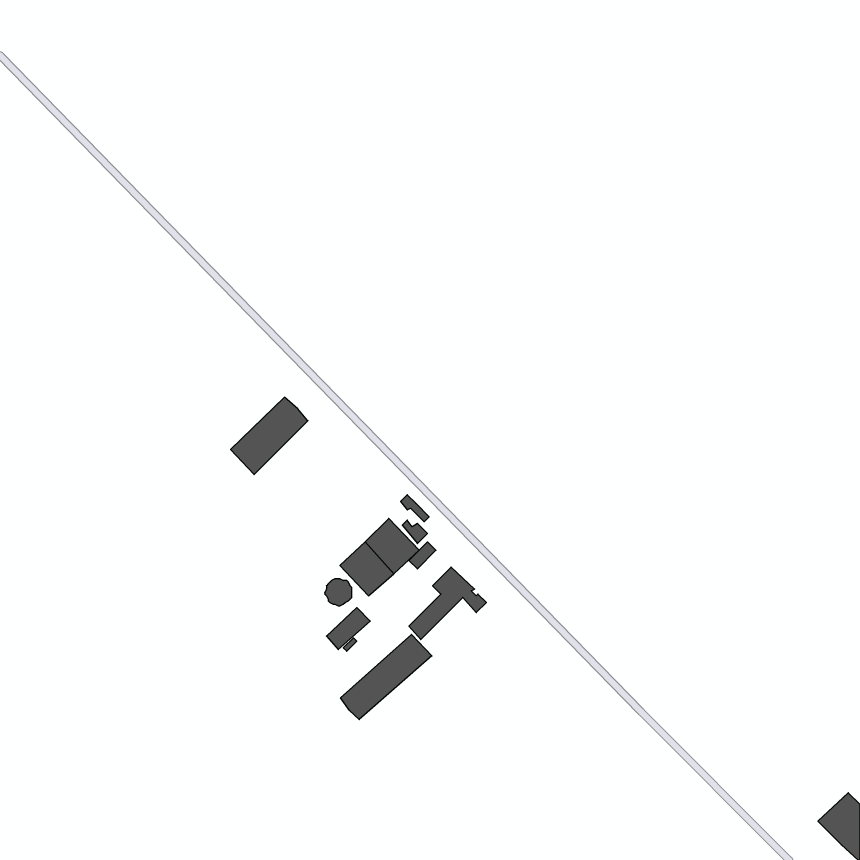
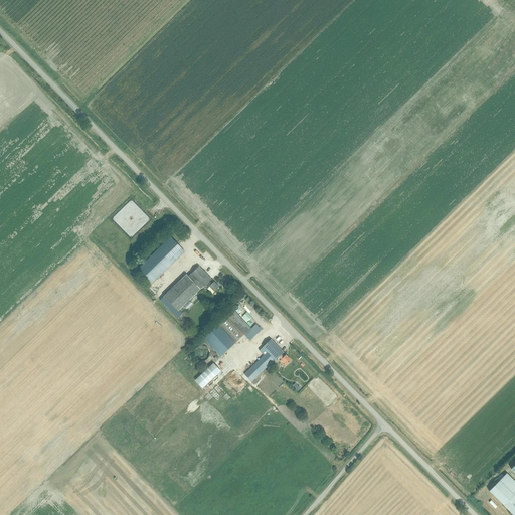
building: none -> [112,202,149,235]
building: none -> [165,267,219,310]
building: [341,634,432,720] -> none

